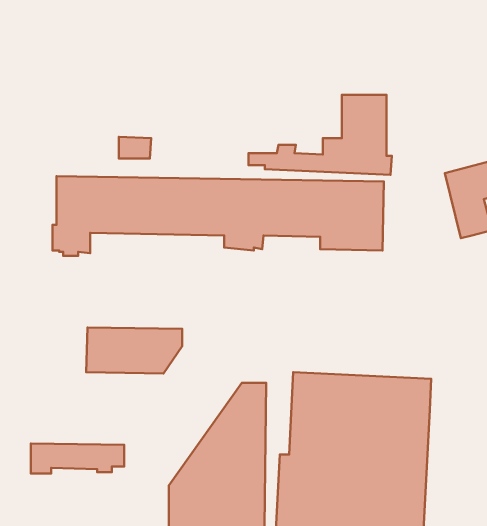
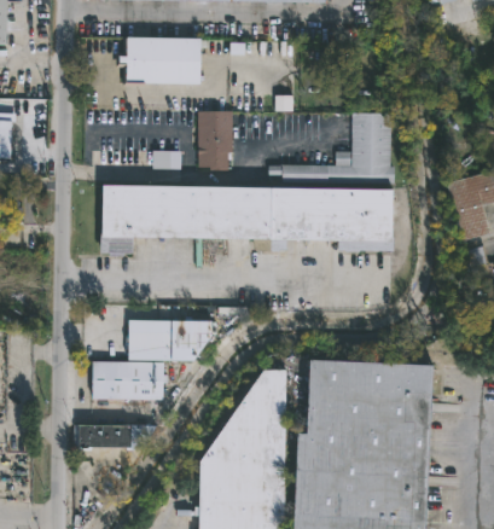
building: none -> [114,36,196,82]
building: none -> [199,110,233,165]
building: none -> [88,361,159,400]

